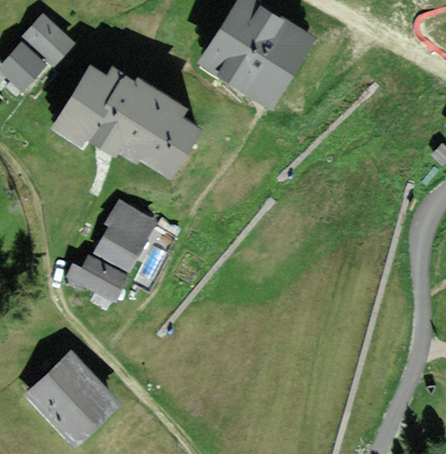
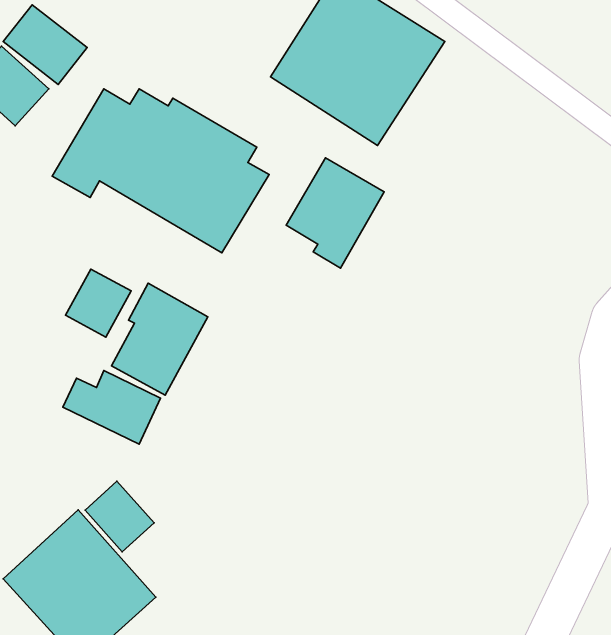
building: none -> [286,158,384,268]
building: none -> [65,269,131,337]
building: none -> [85,481,154,552]

